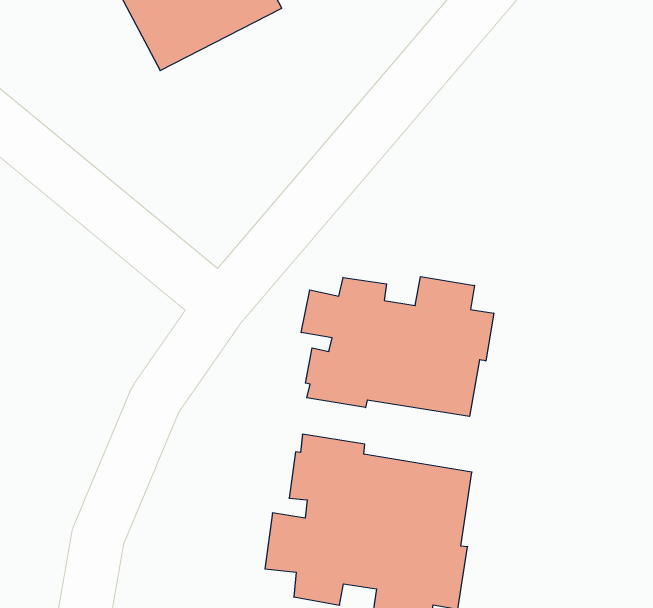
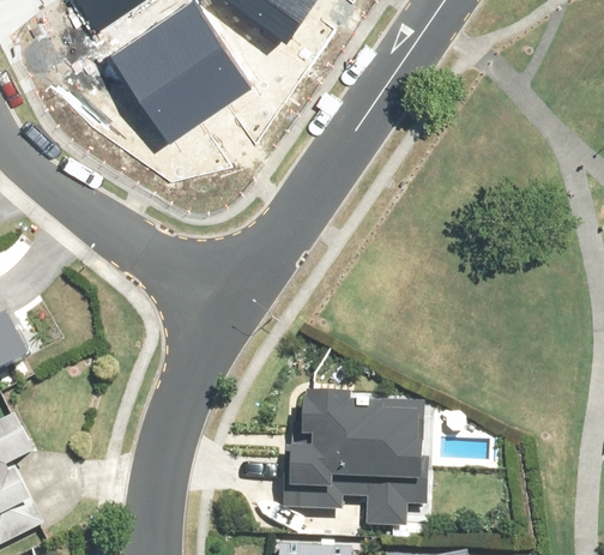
building: [301,277,494,416] -> none

